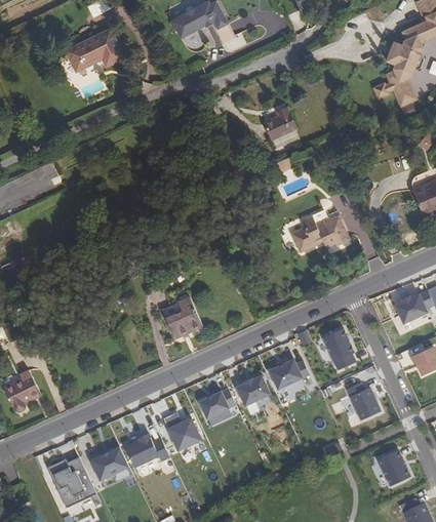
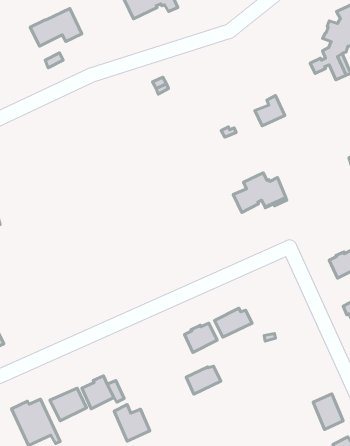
building: [267,106,300,138] -> [255,96,285,126]
building: [163,297,200,339] -> none
building: [320,328,354,370] -> none
building: [347,380,381,419] -> none
building: [198,388,236,418] -> [186,366,221,394]
building: [163,410,202,450] -> [114,405,150,441]

